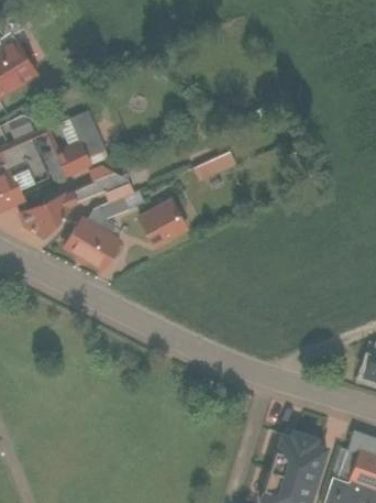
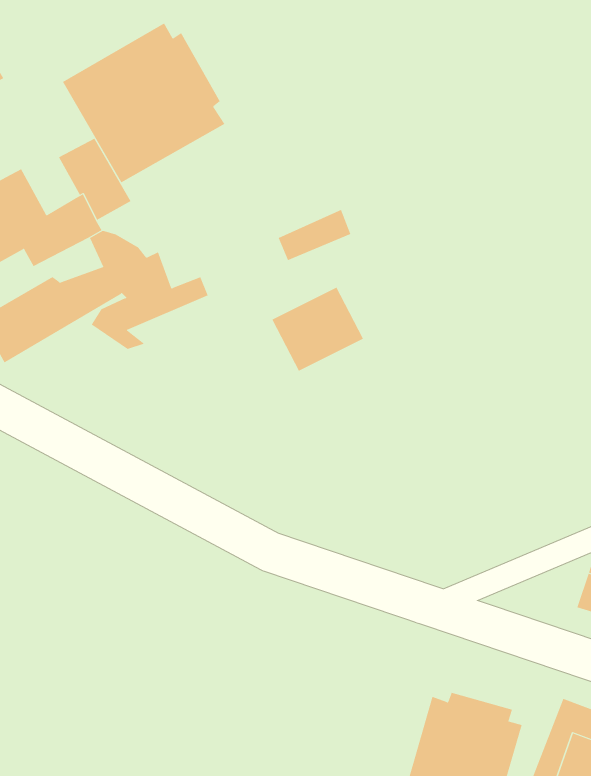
building: none -> [62,23,225,183]
building: [134,200,187,249] -> [271,287,364,372]
building: [59,215,118,271] -> none

